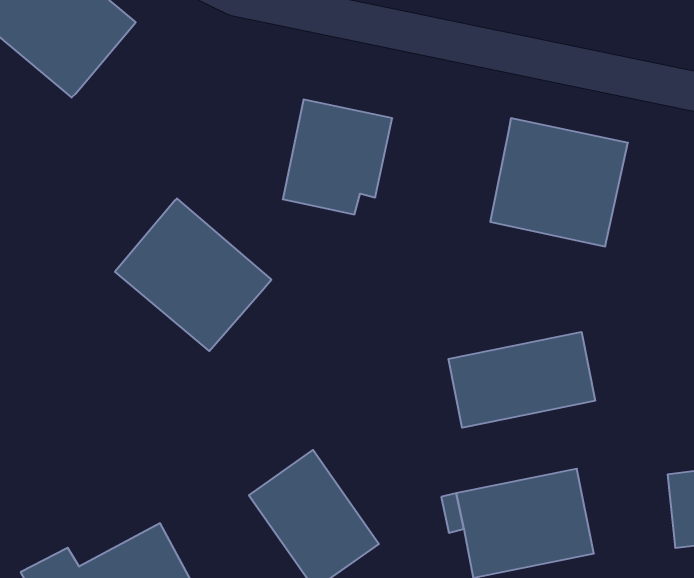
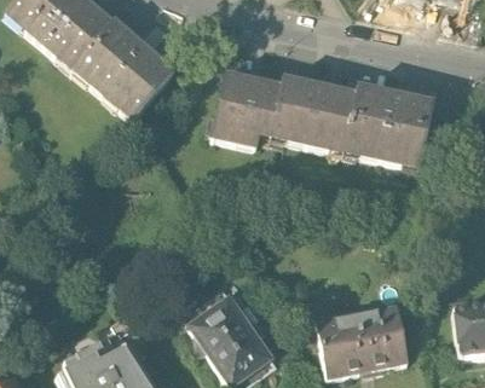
building: none -> [269,73,354,147]
building: [115,198,271,351] -> [76,18,177,116]
building: [448,332,595,428] -> none

